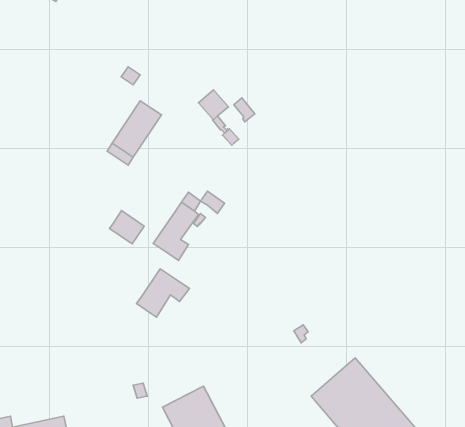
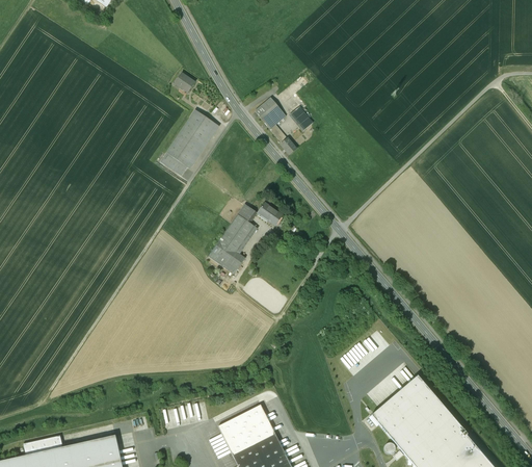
building: [110,211,144,244] -> none
building: [136,269,189,317] -> none

